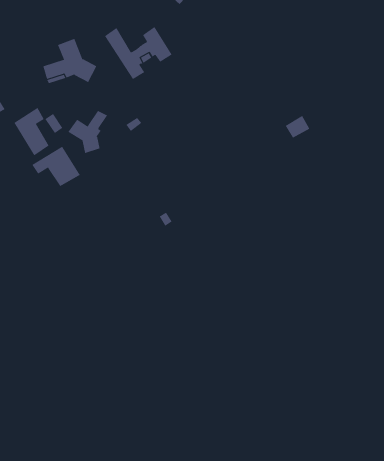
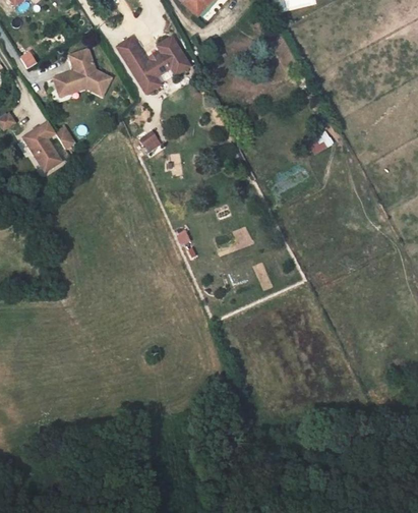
building: [68,110,108,154] -> none
building: [32,146,80,187] -> none

